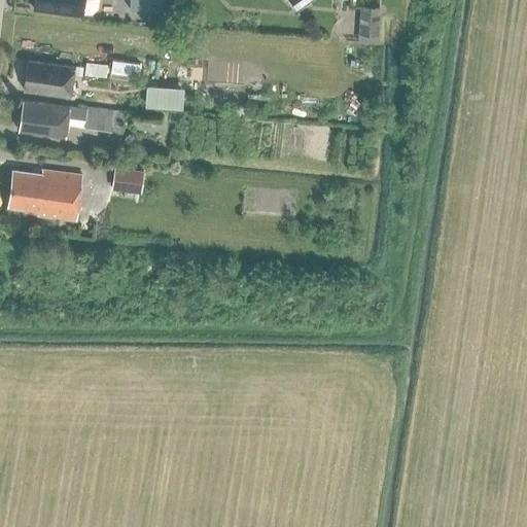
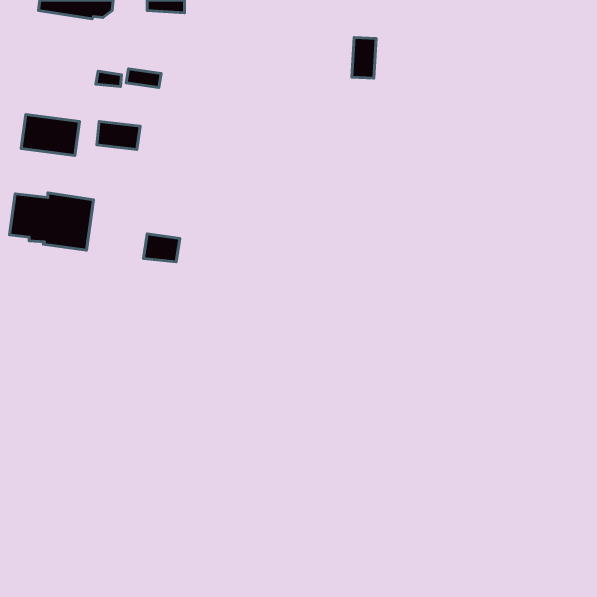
building: [358,7,380,43] -> [352,37,376,78]
building: [24,60,75,97] -> none
building: [145,85,183,109] -> none
building: [112,168,144,192] -> [144,234,180,262]

